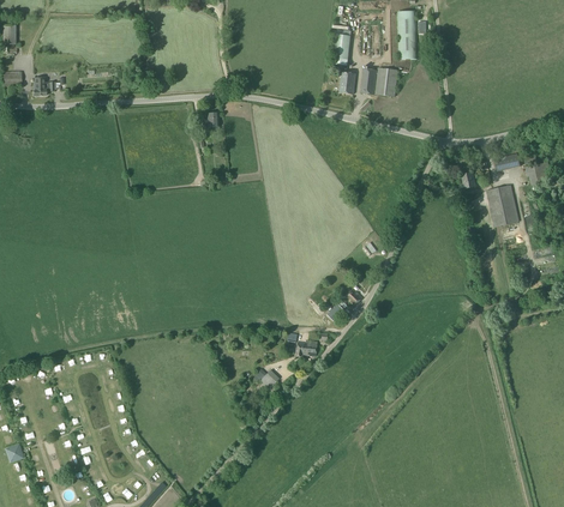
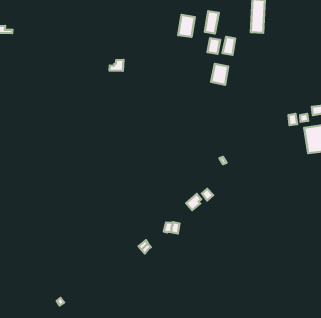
building: none -> [178,15,195,37]
building: [374,67,397,96] -> [211,64,228,85]

